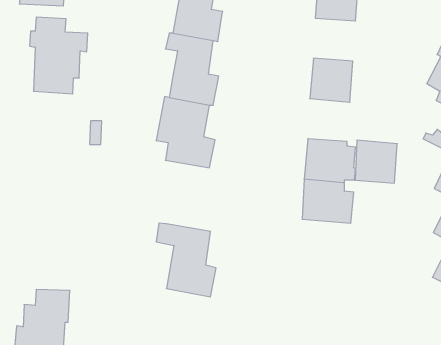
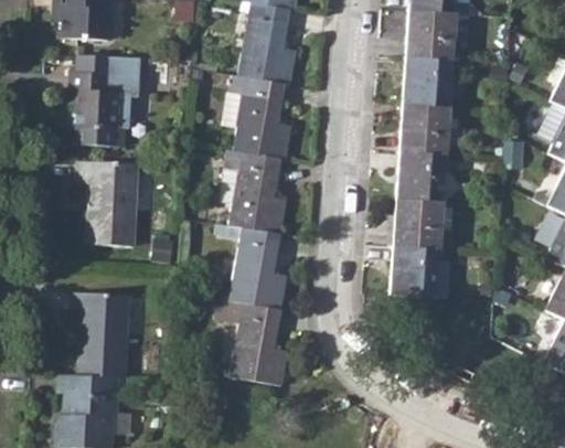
building: none -> [404,55,454,106]
building: none -> [77,160,137,247]
building: [355,140,397,183] -> [397,150,447,201]
building: none -> [227,223,288,307]
building: none -> [71,292,127,377]

